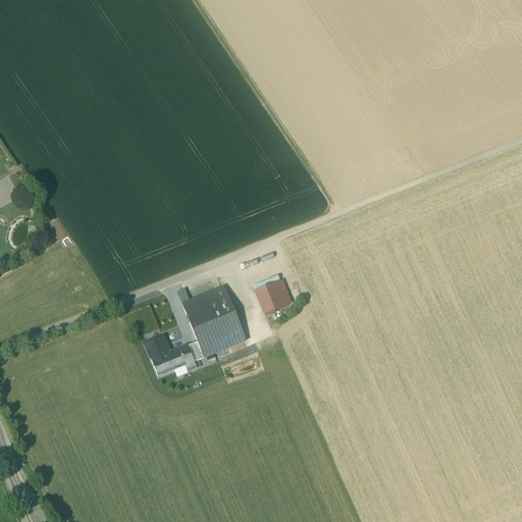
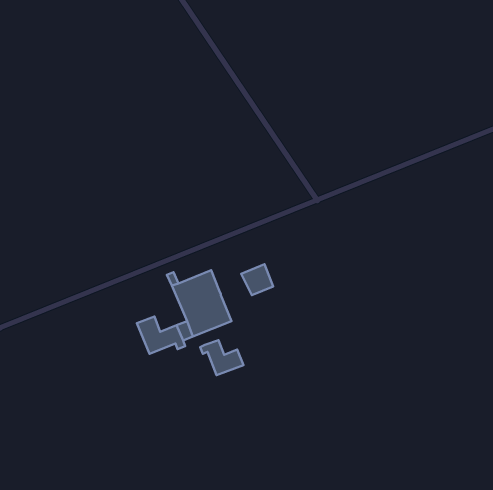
building: none -> [200,340,243,375]

